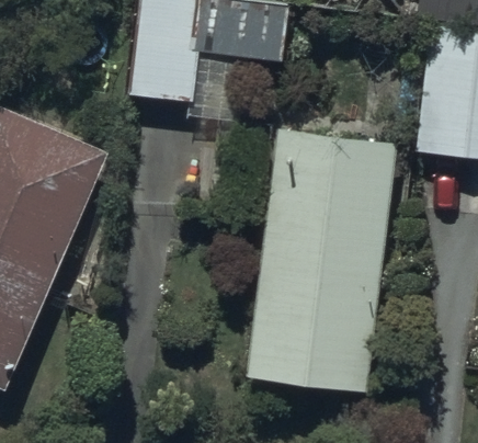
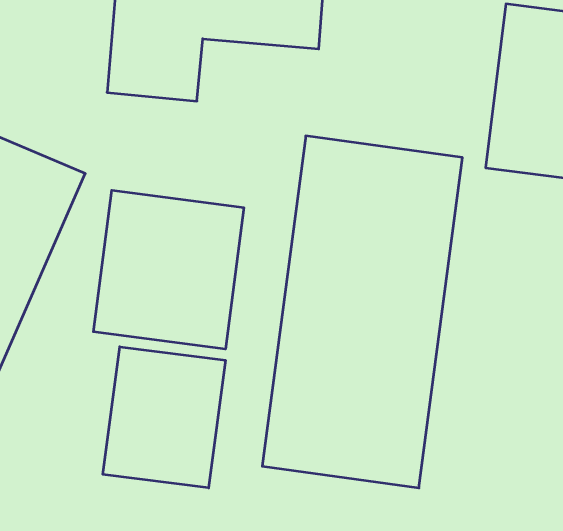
building: none -> [93,190,244,349]
building: none -> [103,347,225,488]

